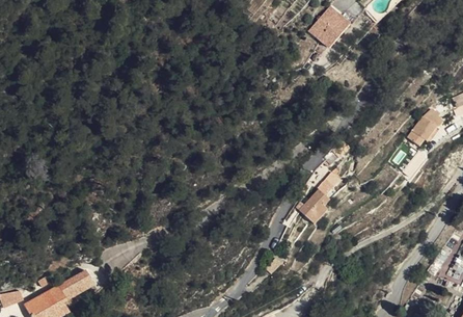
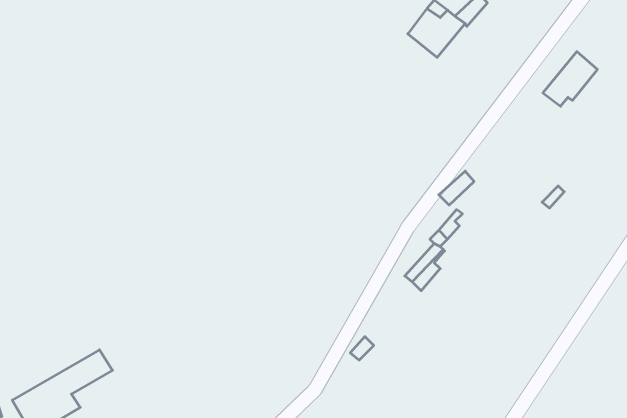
building: [406,105,444,143] -> [543,52,597,106]

